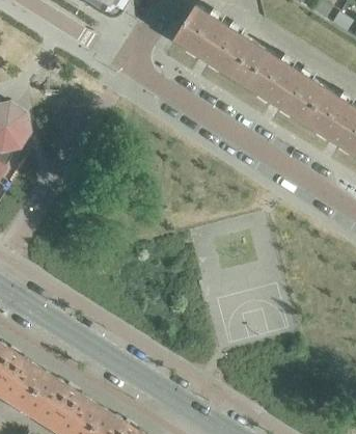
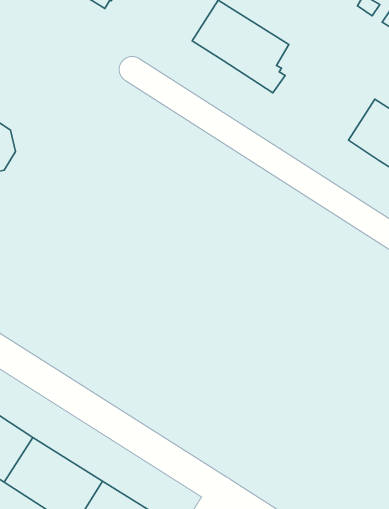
building: [243,44,328,124] -> none

